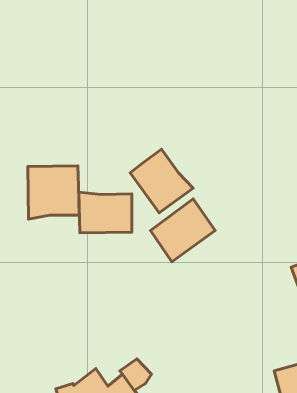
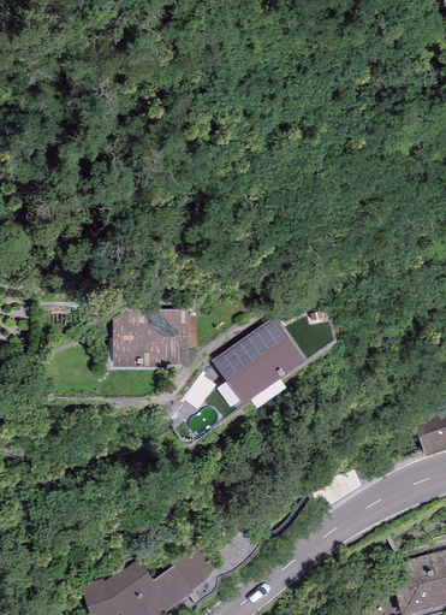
building: [130,149,193,213] -> none
building: [28,166,79,219] -> none

